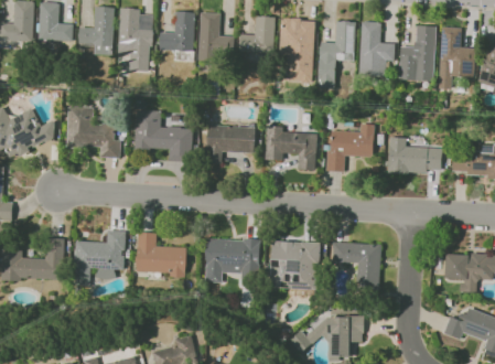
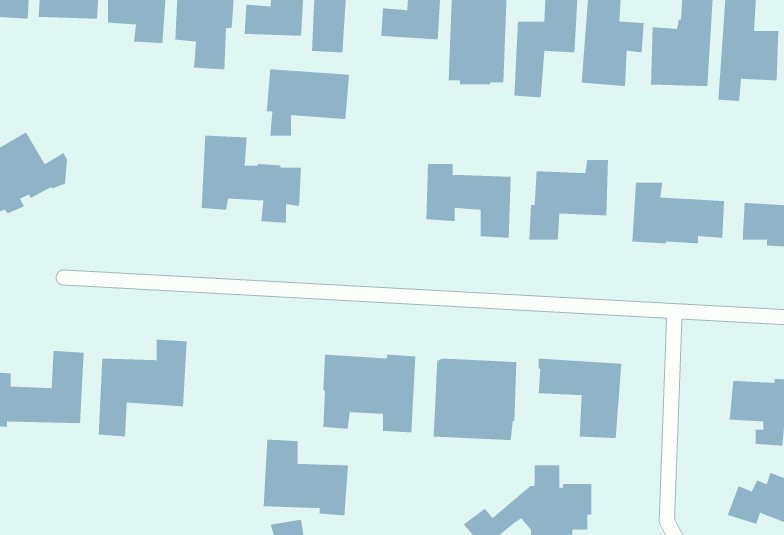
building: [66,106,121,158] -> none
building: [206,124,256,163] -> [266,69,350,136]
building: [136,232,186,277] -> [263,439,349,516]

